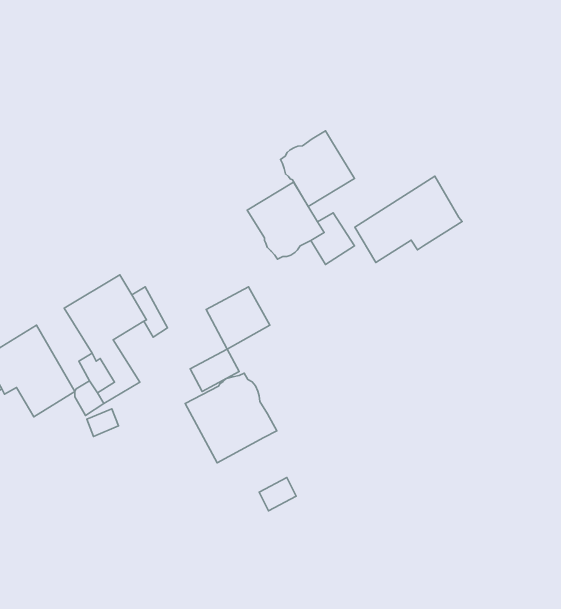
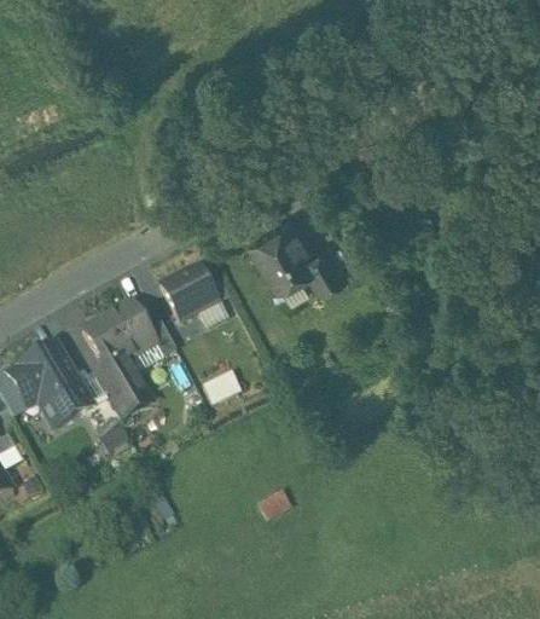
building: [280,131,354,207] -> none
building: [355,176,462,262] -> none
building: [206,287,270,349] -> [159,266,217,323]
building: [185,373,277,463] -> none

